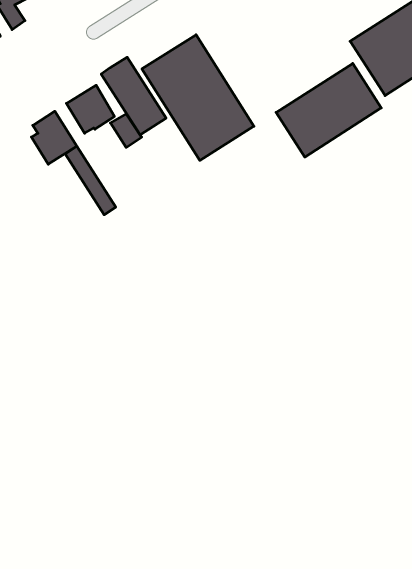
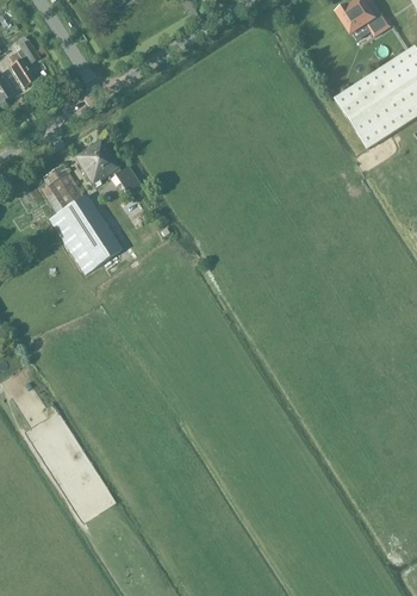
building: [142,35,254,160] -> none
building: [101,57,166,135] -> [49,200,108,272]
building: [276,63,381,157] -> none

